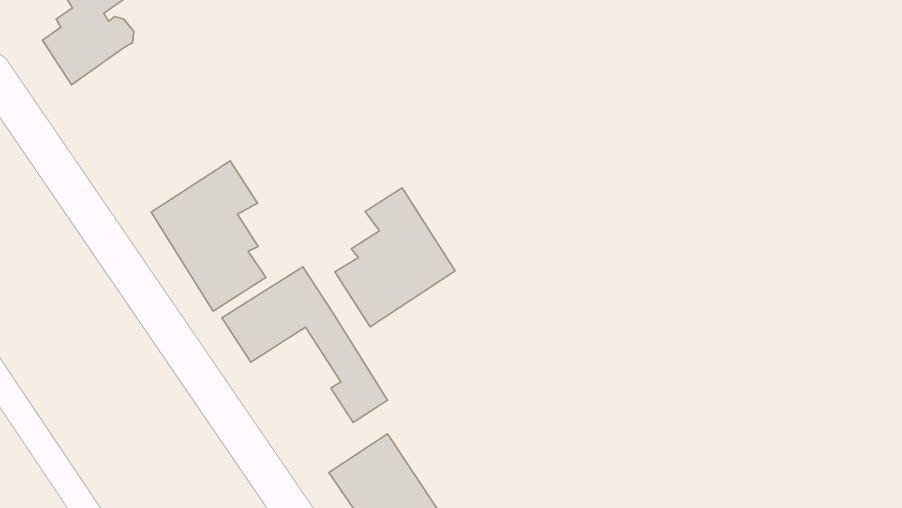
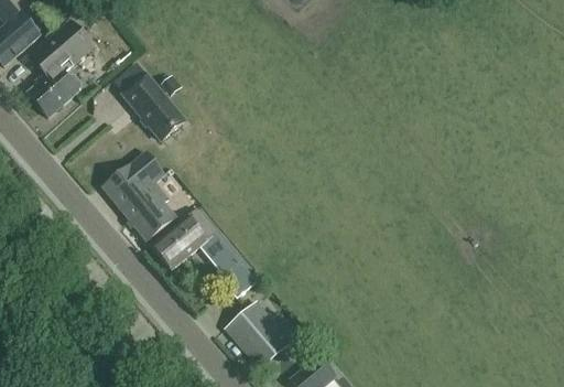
building: none -> [123,74,185,140]
building: [335,188,455,327] -> none

